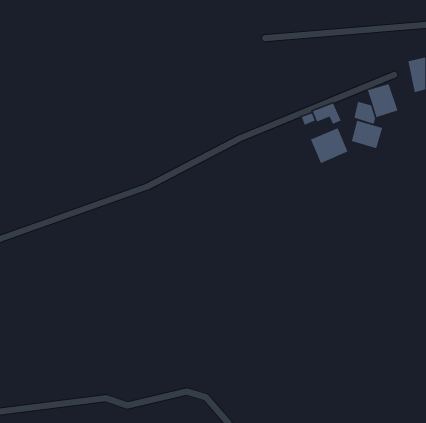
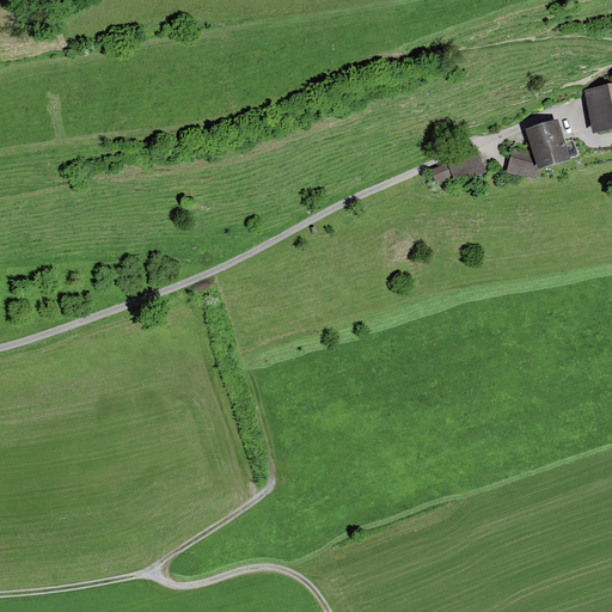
building: [351,120,383,149] -> none
building: [310,127,348,164] -> none

